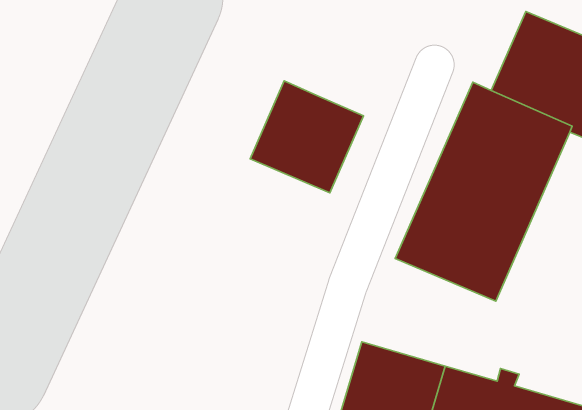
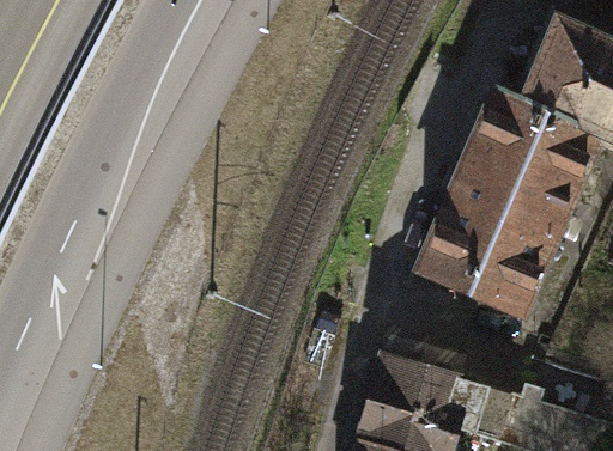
building: [250,81,363,193] -> none

